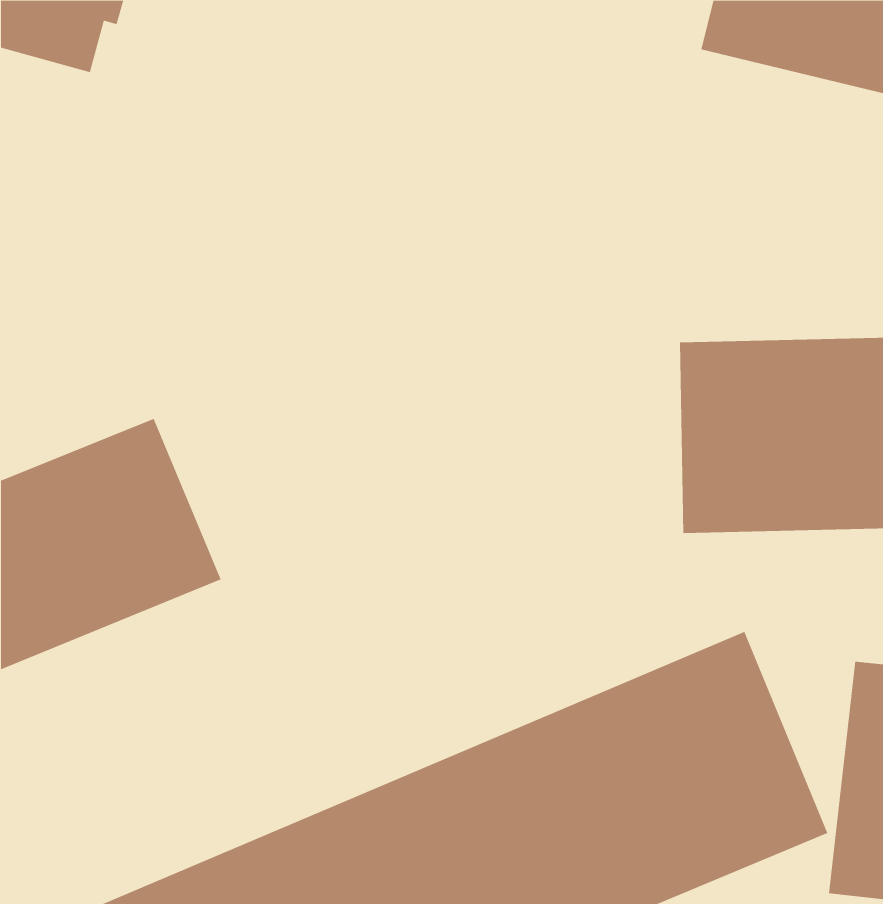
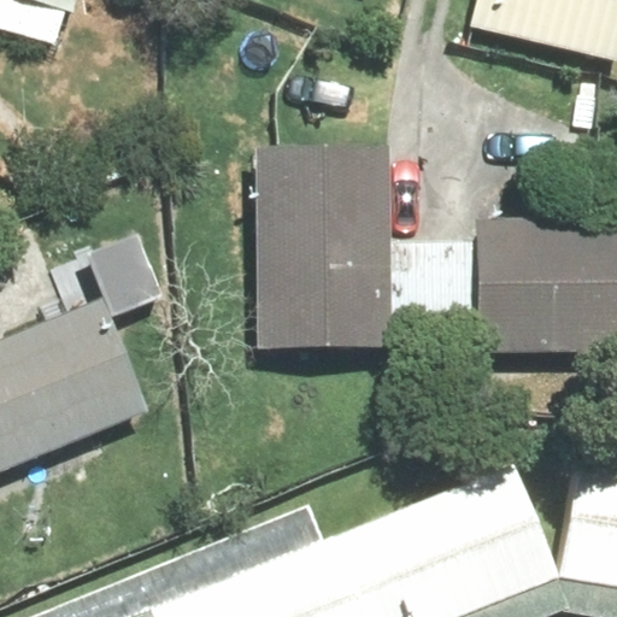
building: none -> [253,158,392,358]

